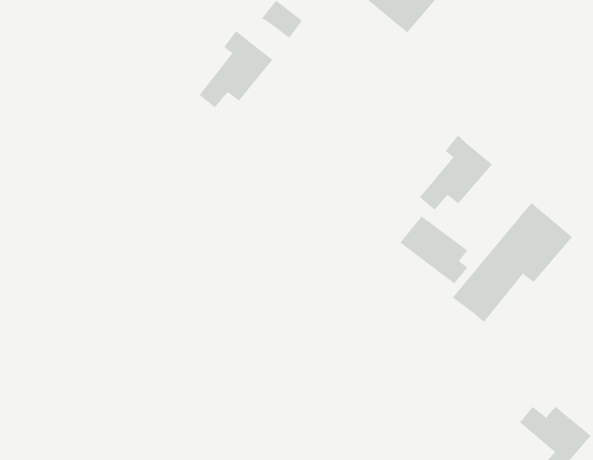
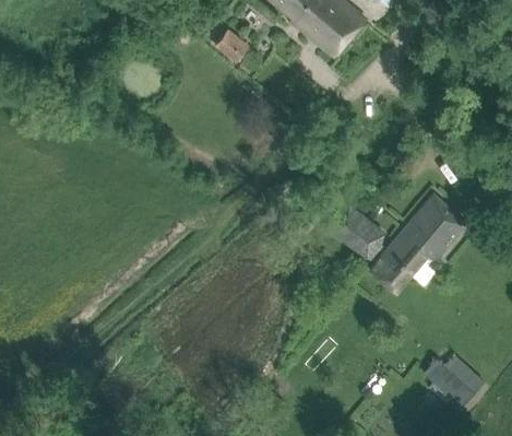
building: [199,30,273,108] -> none
building: [419,135,493,210] -> none

